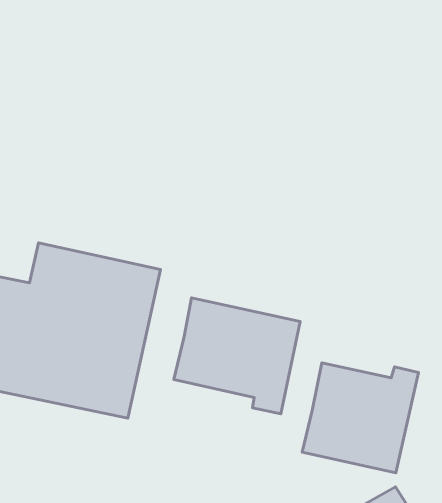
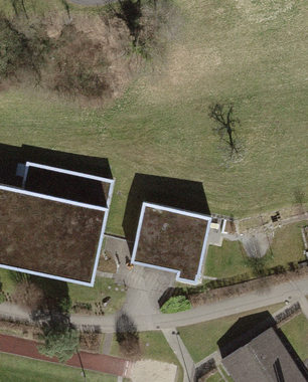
building: [302,363,419,473] -> none

